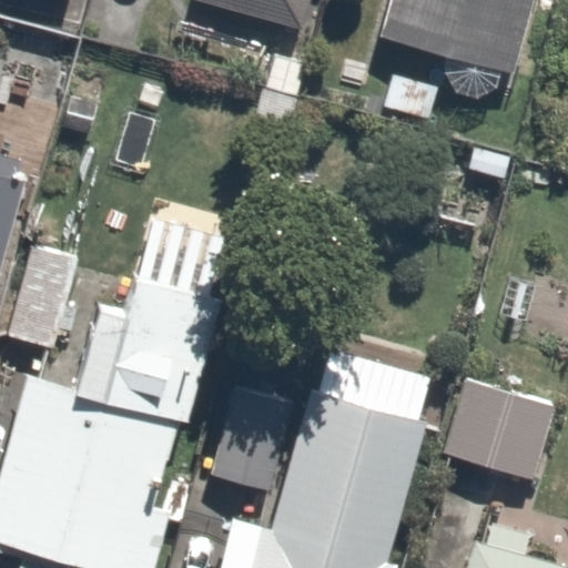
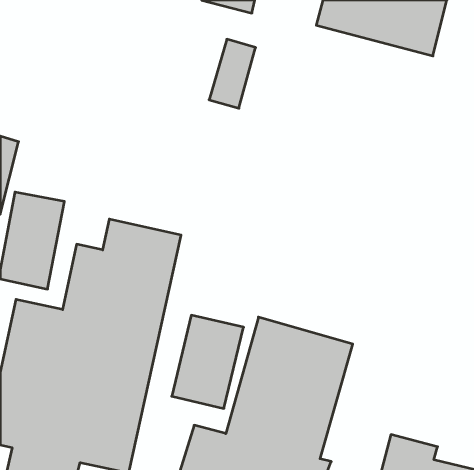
building: [435,376,558,485] -> none

